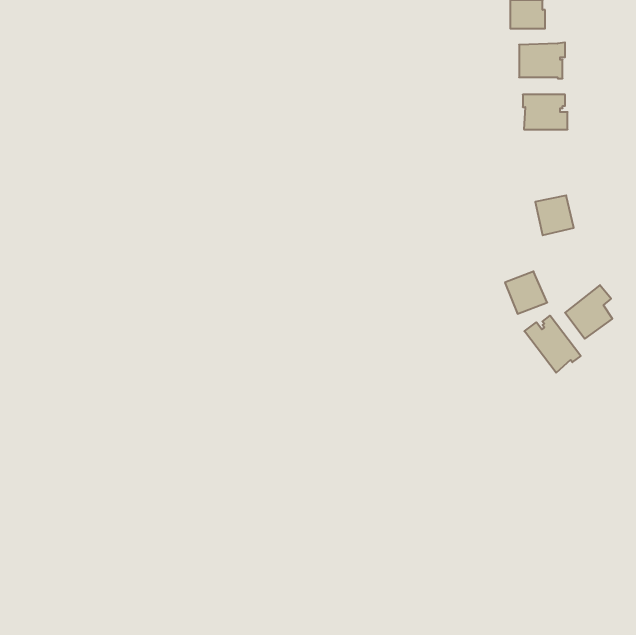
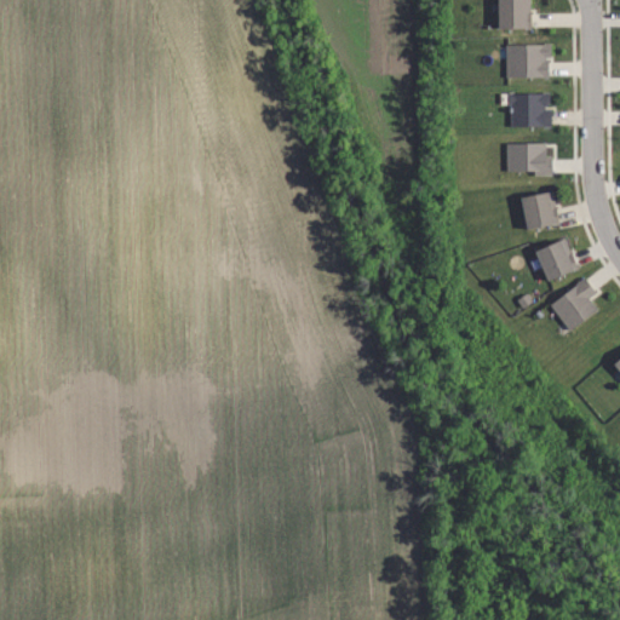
building: none -> [505,143,551,176]
building: [505,271,547,314] -> [535,240,576,281]
building: [524,316,581,373] -> none

